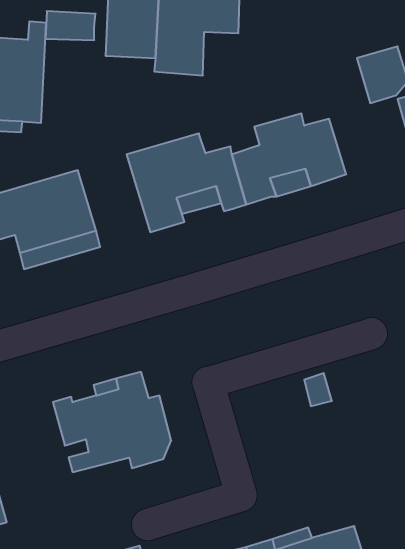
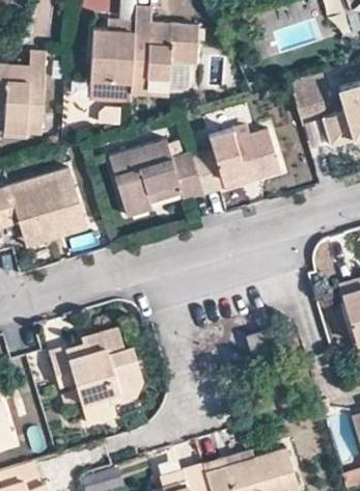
building: [46,11,96,40] -> [91,79,131,102]

